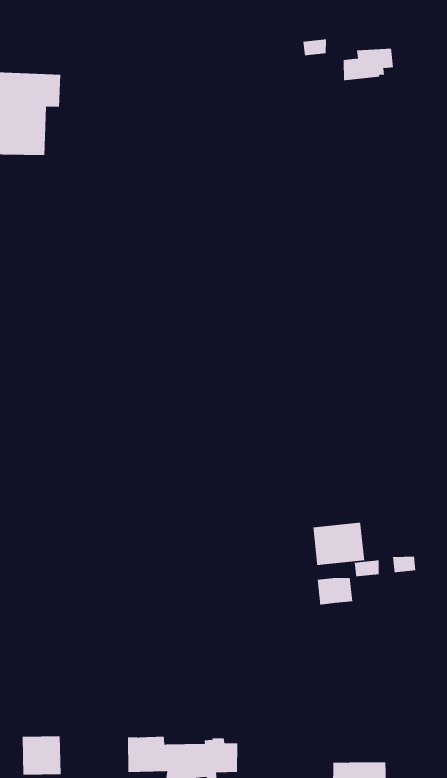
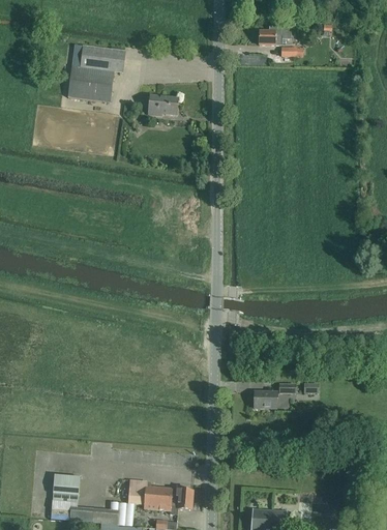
building: [343,48,394,81] -> [258,26,291,45]
building: none -> [148,95,177,116]
building: [313,522,365,566] -> none

